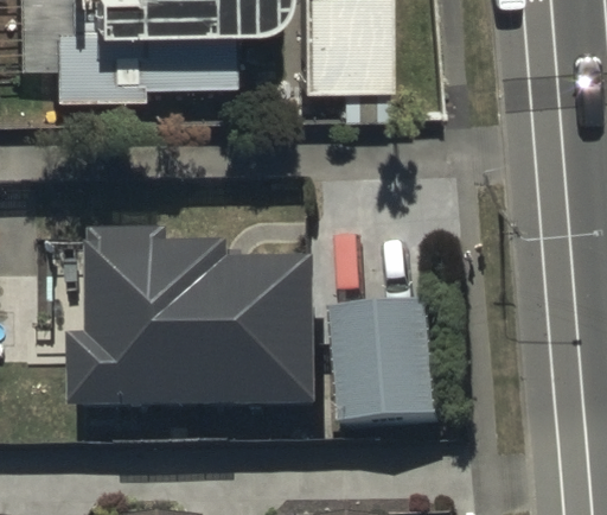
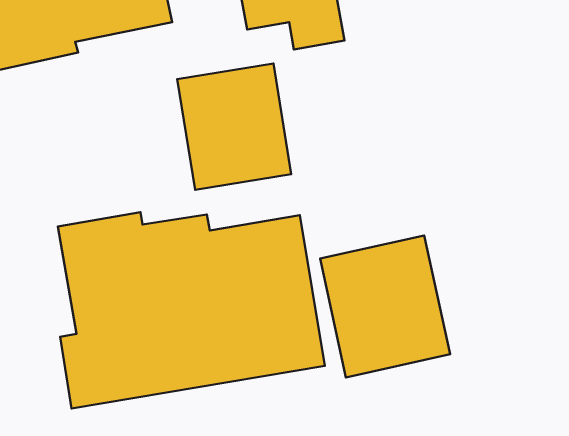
building: none -> [177,63,291,190]

